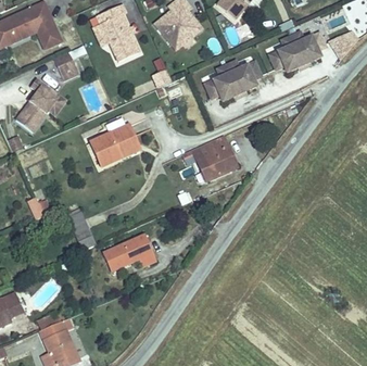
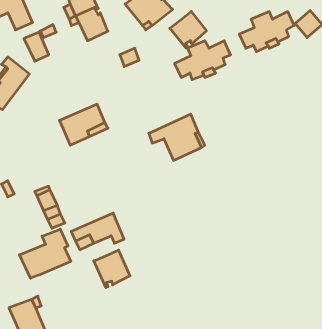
building: none -> [170,11,206,48]
building: none -> [19,229,71,278]
building: none -> [94,250,130,288]

